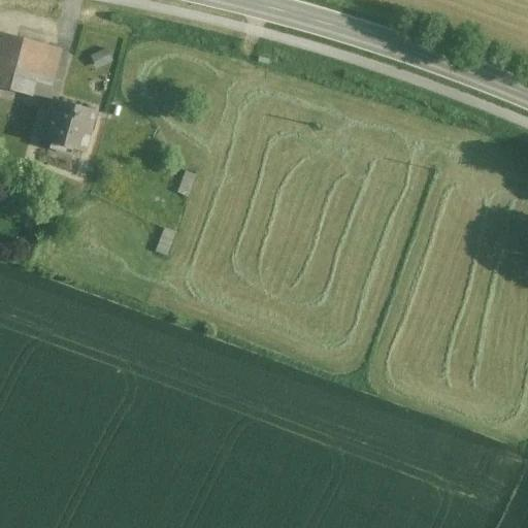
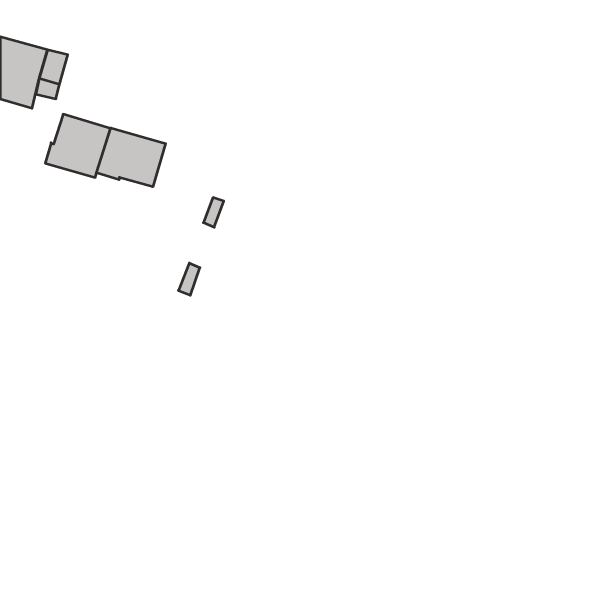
building: none -> [97,128,166,187]

